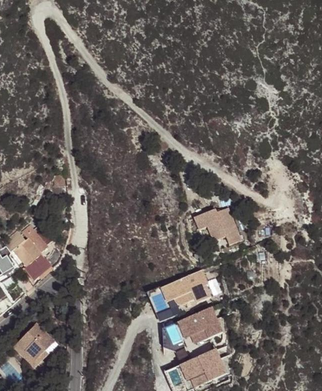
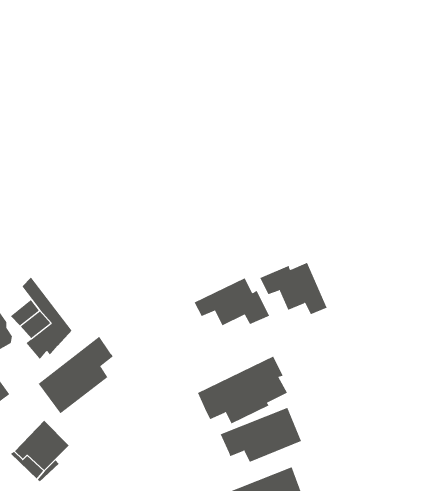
building: none -> [194,277,270,326]
building: none -> [38,336,114,414]

